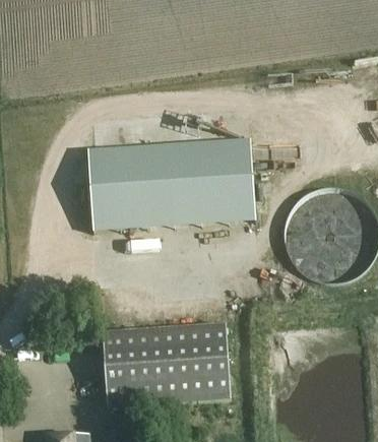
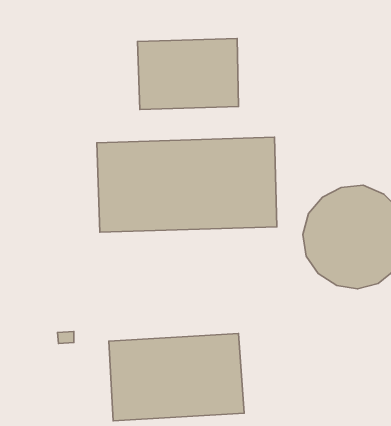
building: none -> [138,38,239,109]

